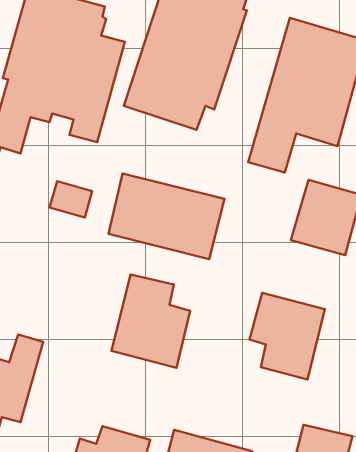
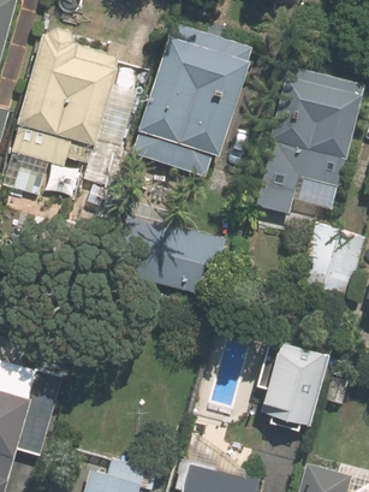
building: [111,274,190,368] -> none

